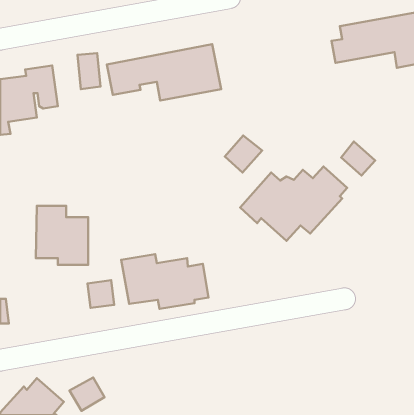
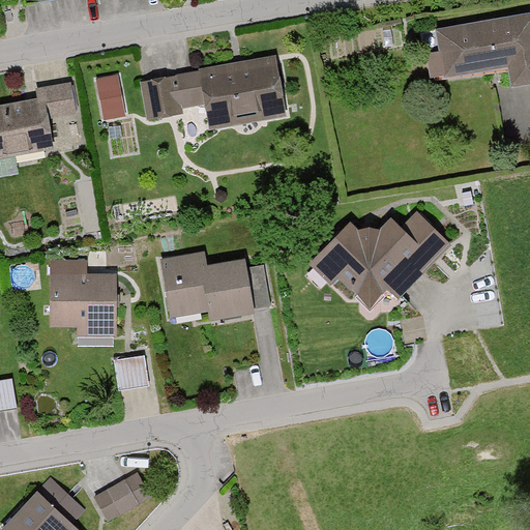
building: [225,135,262,173] -> none
building: [341,141,375,175] -> none
building: [121,254,208,309] -> [160,253,271,322]

